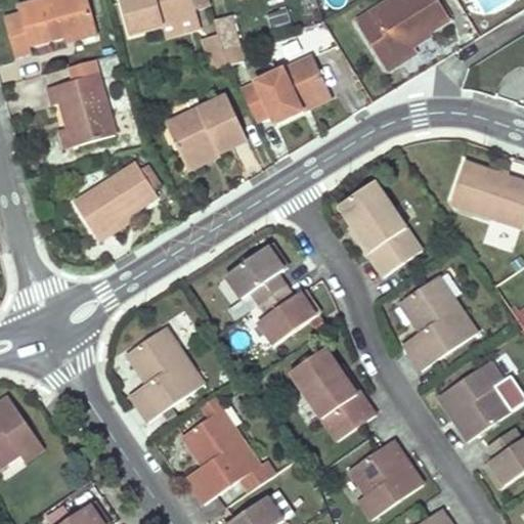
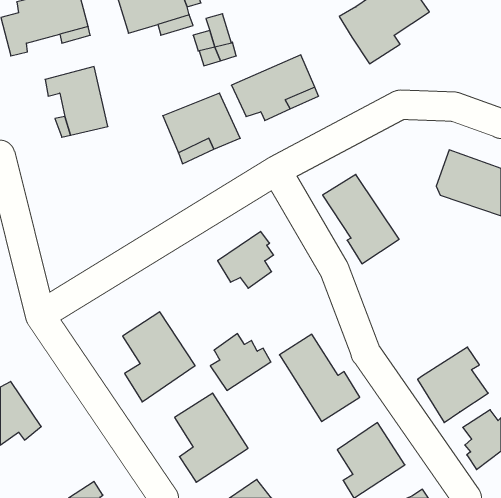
building: [73,160,156,236] -> none
building: [396,275,472,367] -> none
building: [255,283,318,343] -> [210,334,271,390]

